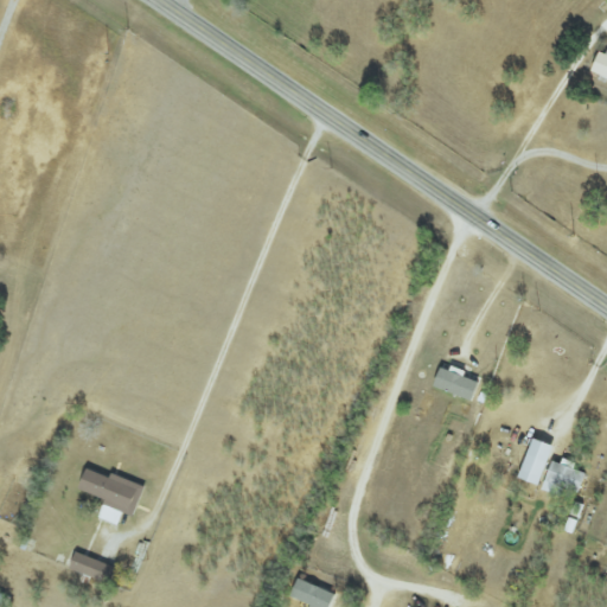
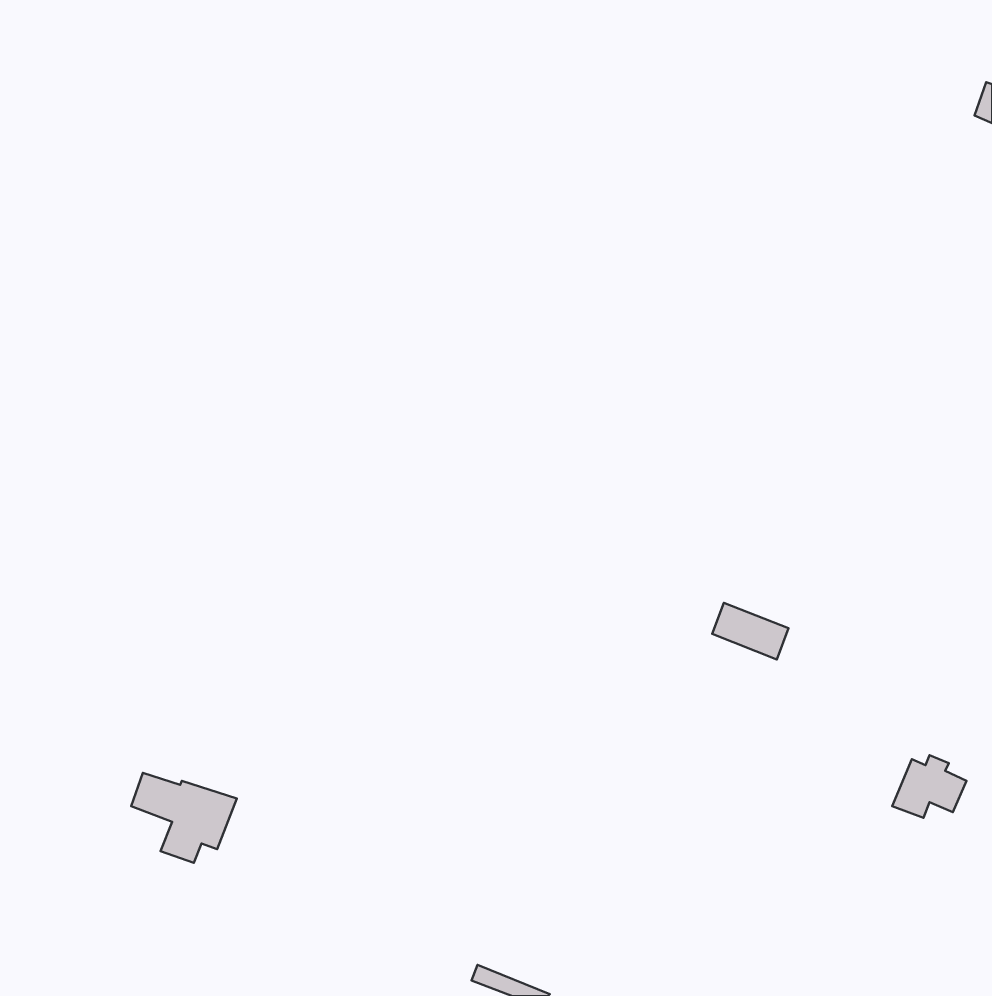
building: [519,437,554,484] -> none
building: [68,551,115,583] -> none

